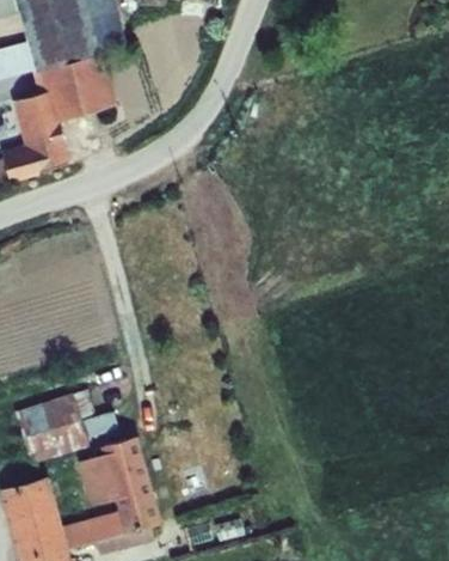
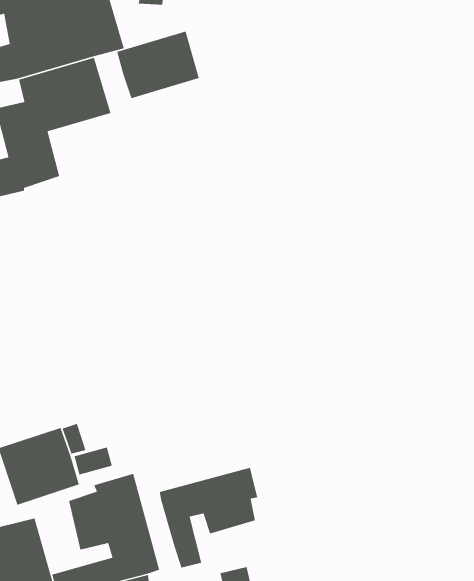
building: none -> [116,30,200,99]
building: none -> [159,467,258,569]

